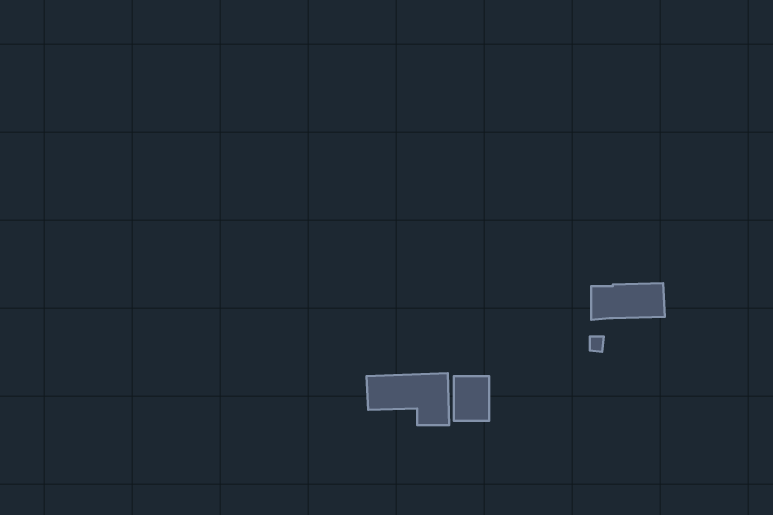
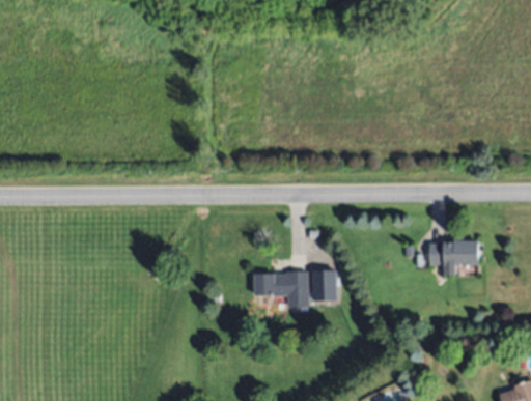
building: [591,283,665,320] -> [429,241,479,266]

